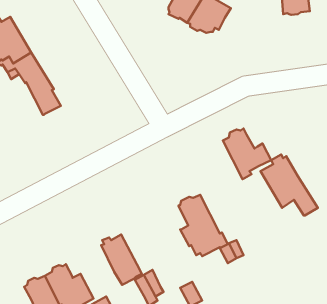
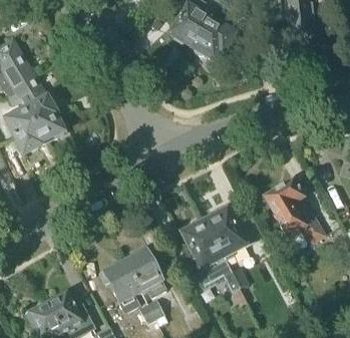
building: none -> [6,106,45,153]
building: [223,129,271,179] -> [205,209,254,260]
building: none -> [124,248,166,296]

